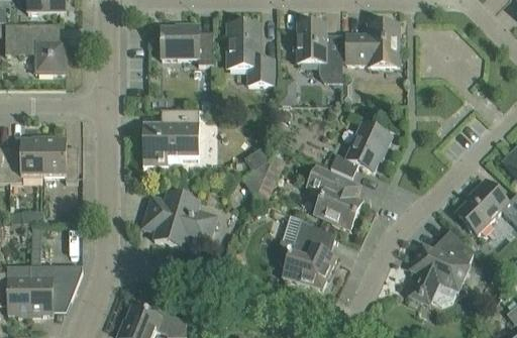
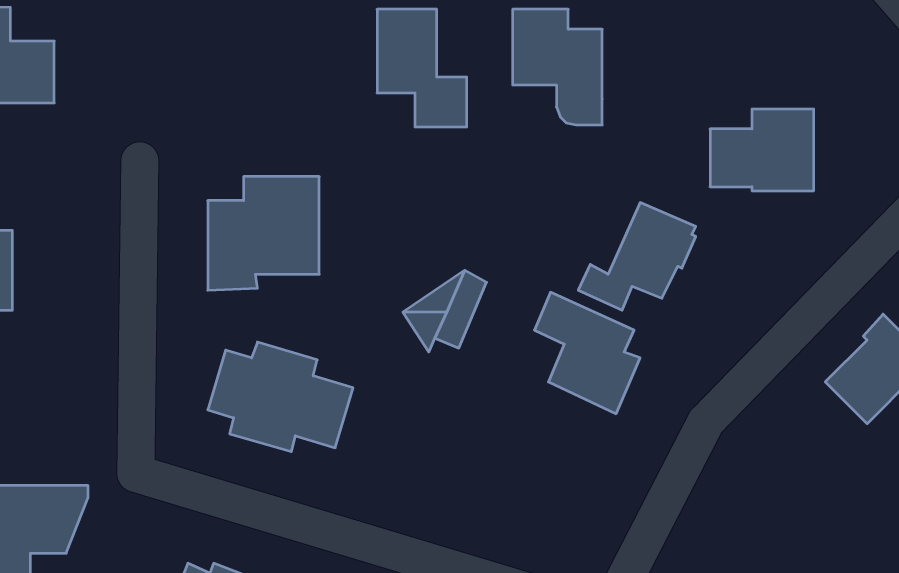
building: [161,23,213,64] -> none
building: [346,23,399,65] -> [710,109,814,191]
building: [43,135,78,181] -> none
building: [276,213,336,288] -> none
building: [409,235,473,304] -> none

